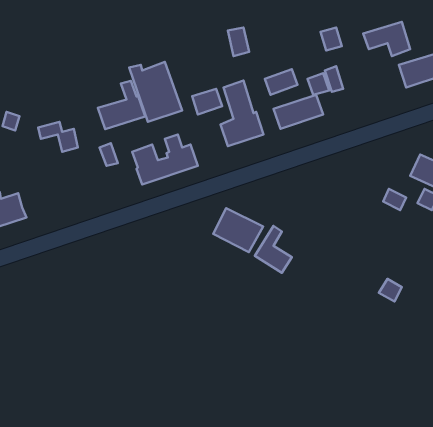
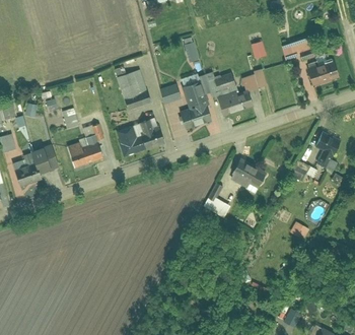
building: [98,81,145,129] -> [68,132,101,166]
building: none -> [31,144,58,171]
building: [213,208,263,252] -> [229,158,265,190]

